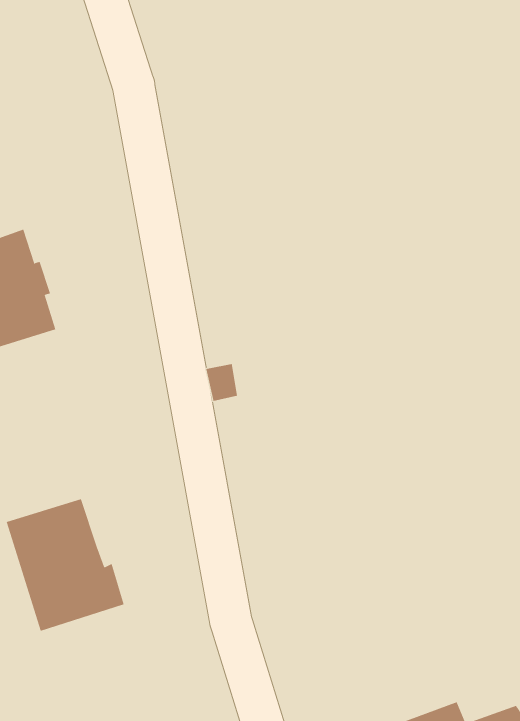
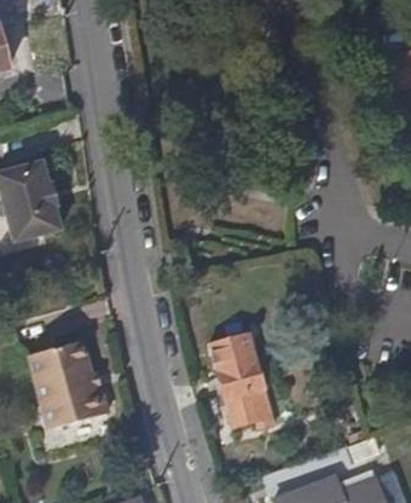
building: none -> [212,329,279,429]

